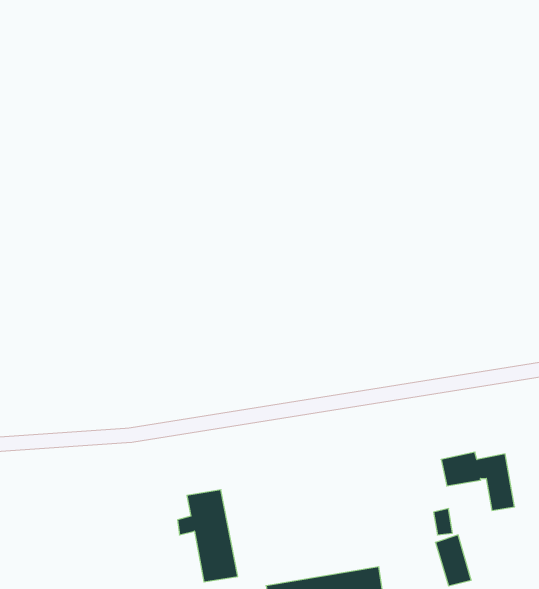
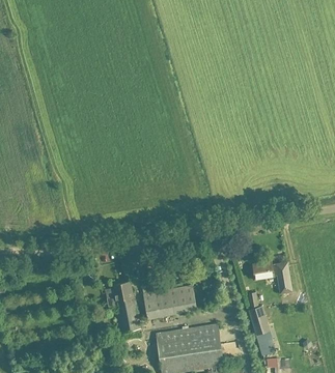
building: none -> [143,284,197,318]

